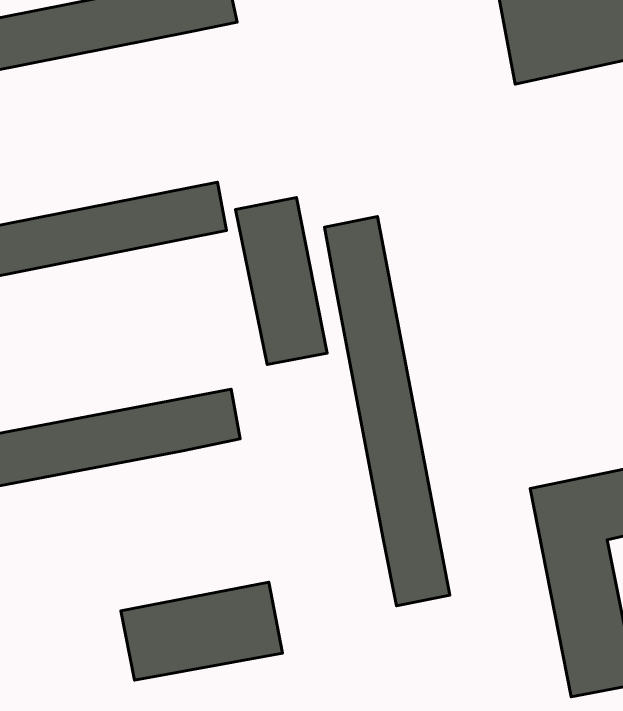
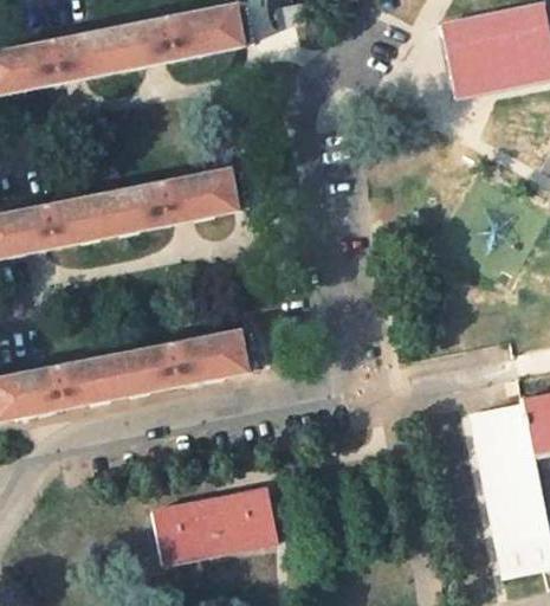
building: [236,198,327,365] -> none
building: [324,217,450,606] -> none

